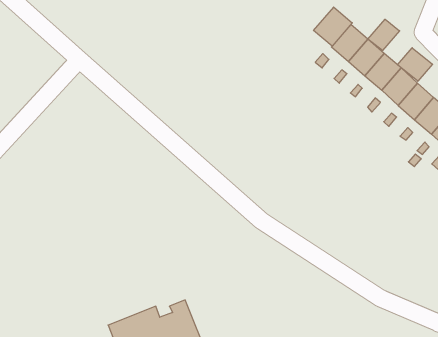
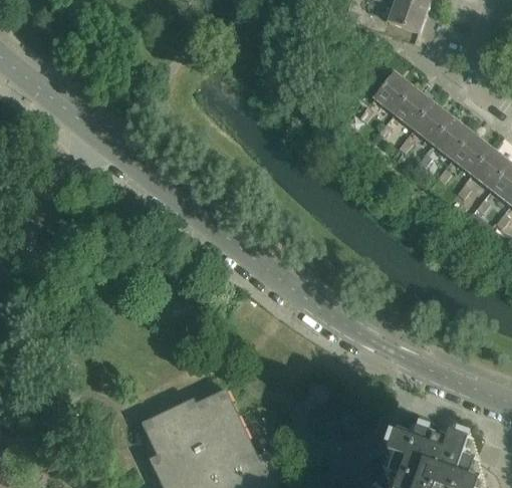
building: [314,7,352,46] -> none
building: [368,19,400,51] -> none
building: [398,48,433,81] -> none

